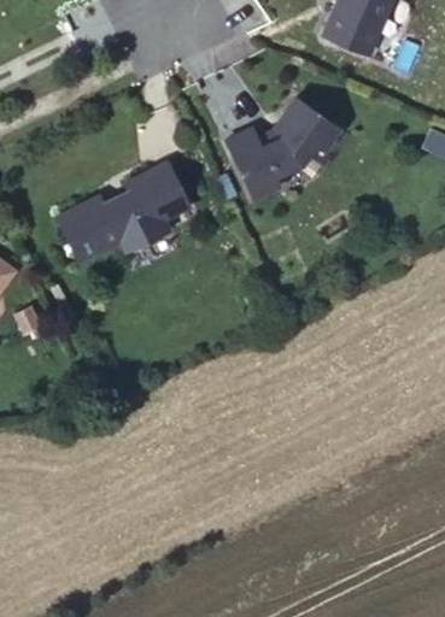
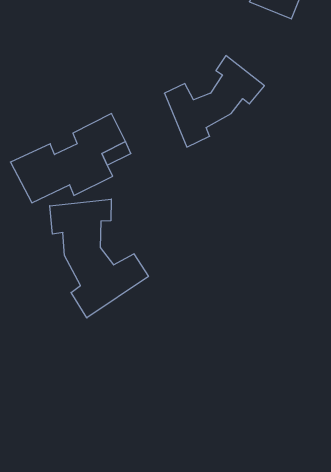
building: none -> [50,199,148,318]

